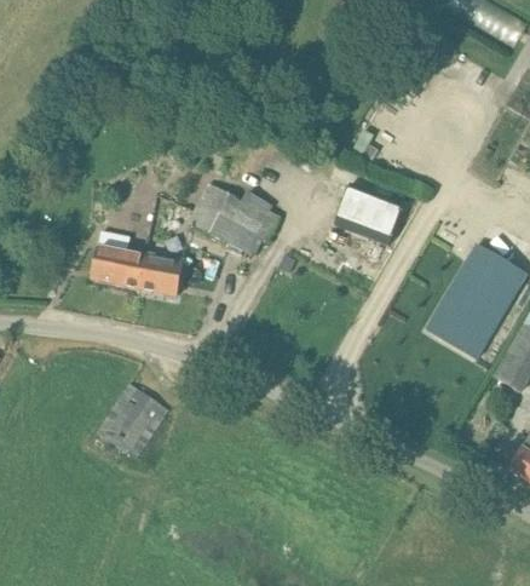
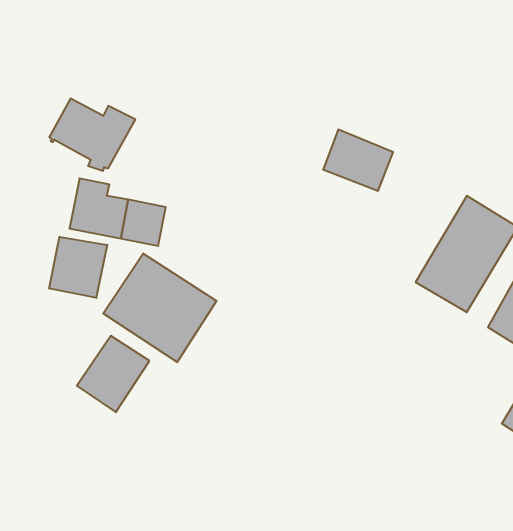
building: [190,183,273,253] -> [49,98,135,171]
building: none -> [49,237,107,298]
building: none -> [103,253,217,362]

